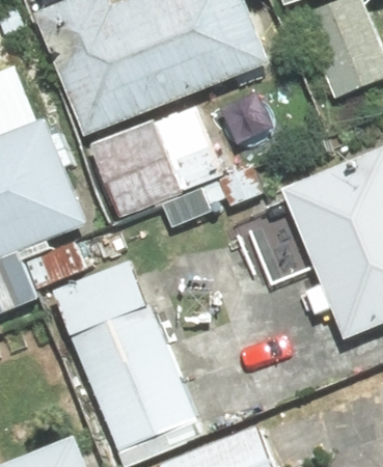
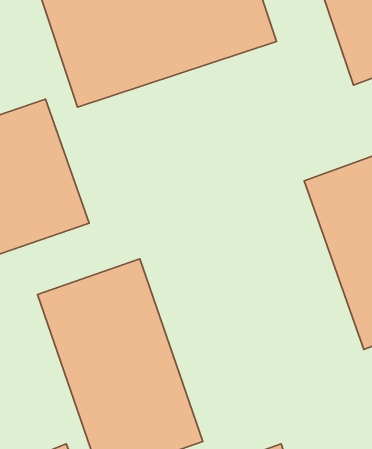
building: [87,97,232,218] -> none

